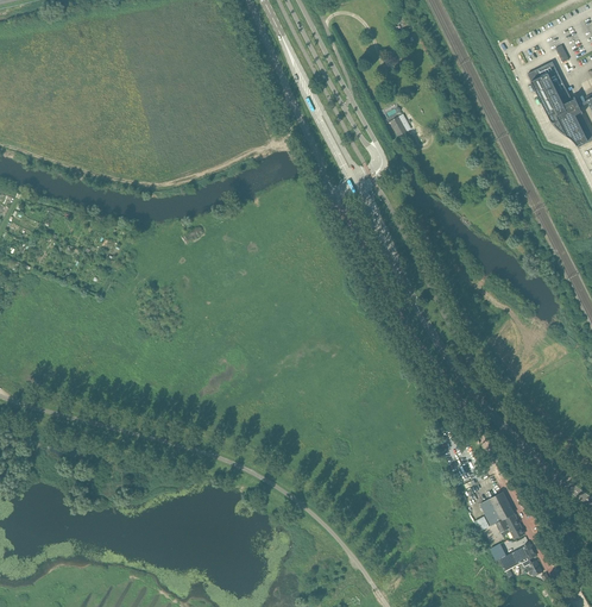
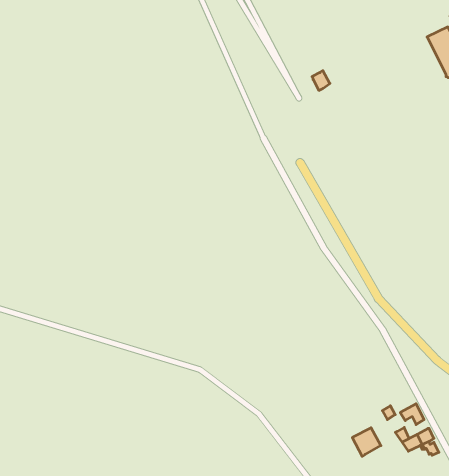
building: [480,492,515,526] -> [352,428,381,456]

